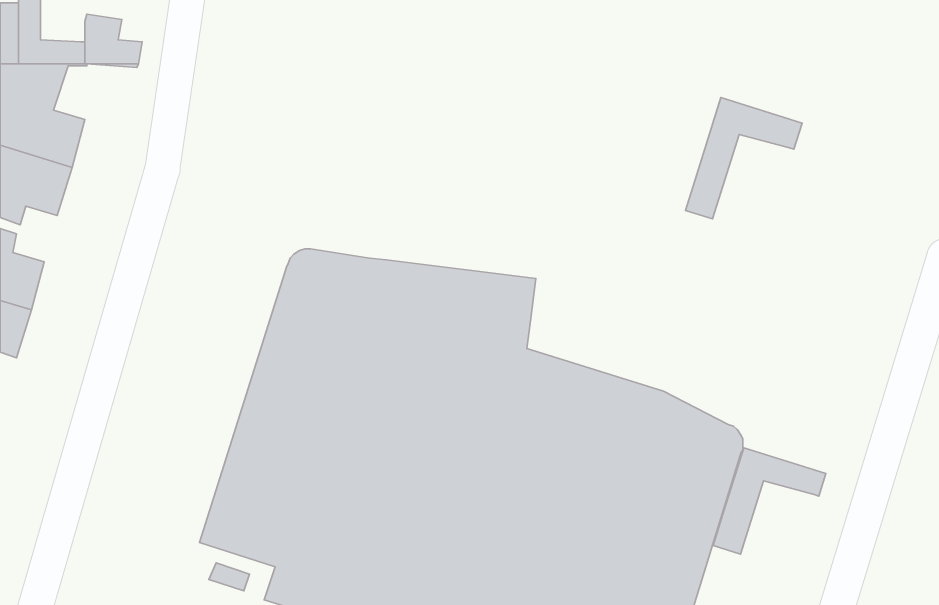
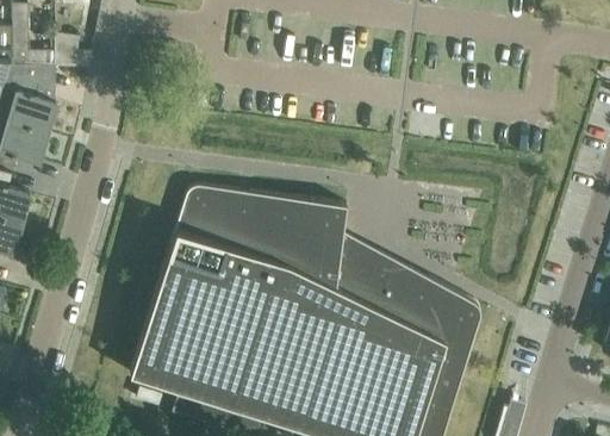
building: [686,98,802,219] -> none
building: [713,448,826,554] -> none

